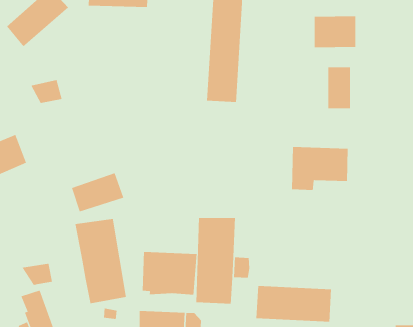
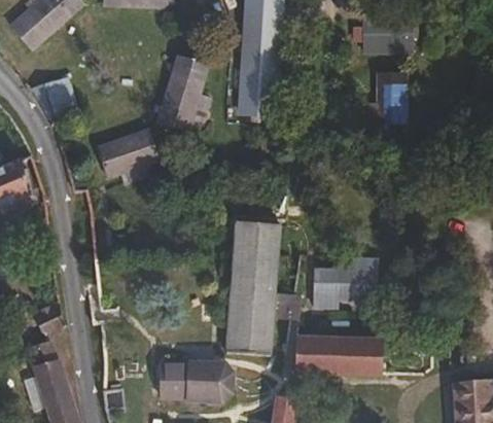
building: none -> [156,62,206,137]
building: [291,147,349,190] -> [316,256,382,307]
building: [71,173,124,212] -> [97,137,157,182]
building: none -> [230,218,275,252]
building: [75,218,126,304] -> none
building: [142,251,197,296] -> none

